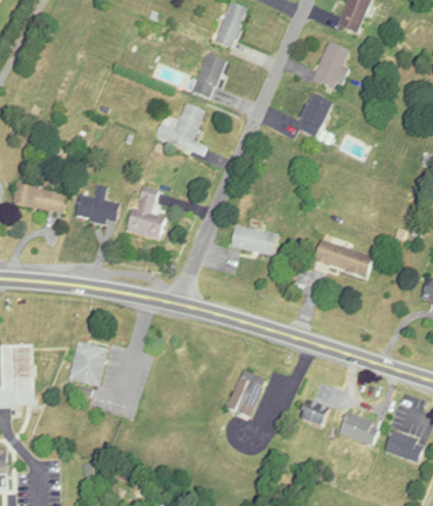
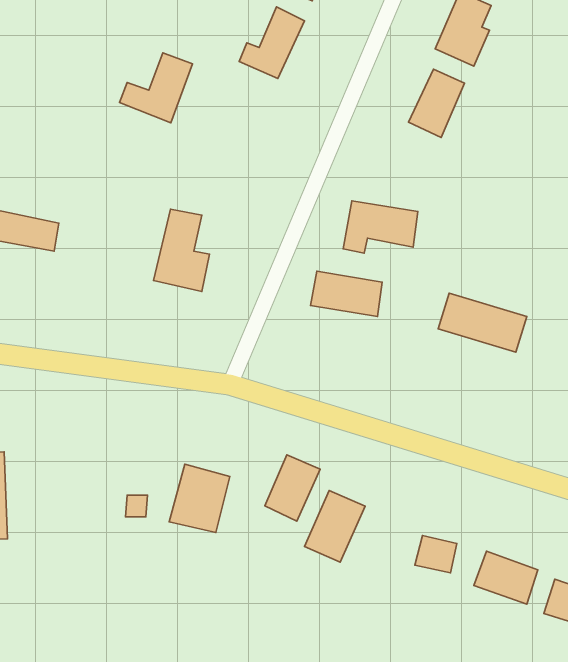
building: [156,102,204,148] -> [119,53,193,123]
building: none -> [343,201,418,253]
building: [75,184,119,225] -> none
building: [66,339,106,384] -> [169,464,230,533]
building: none -> [265,455,320,521]

